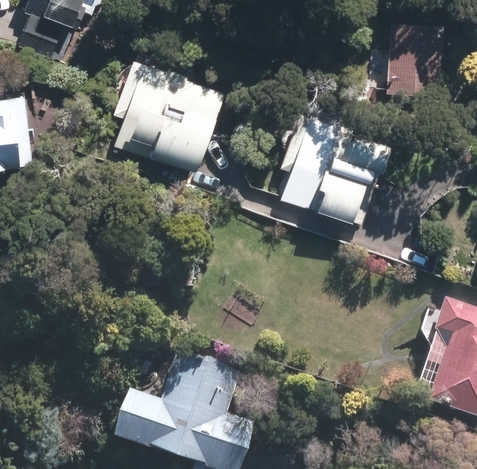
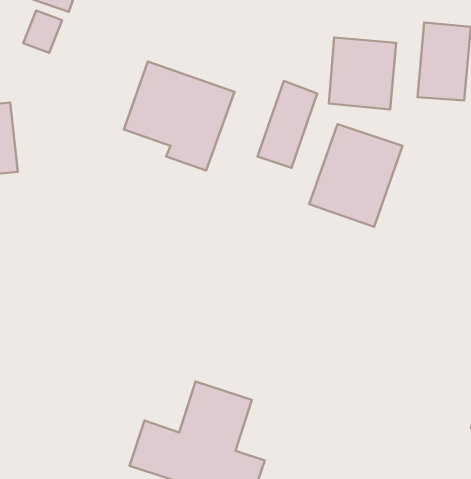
building: none -> [329,38,396,109]
building: none -> [258,81,317,168]

